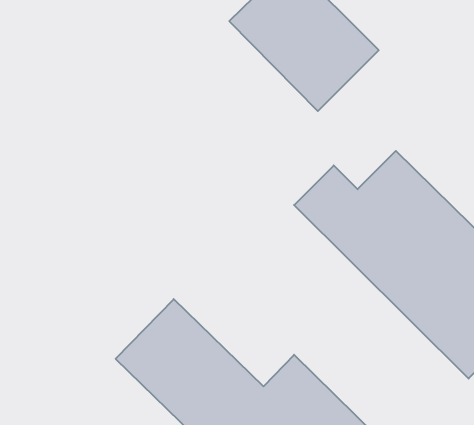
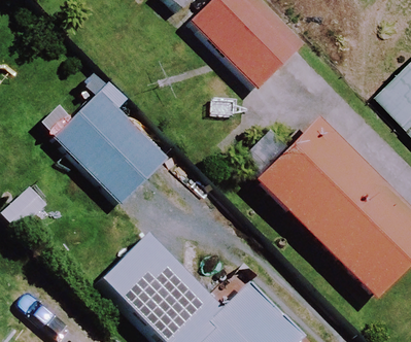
building: none -> [57,91,169,204]

